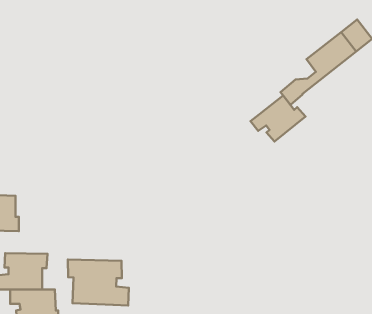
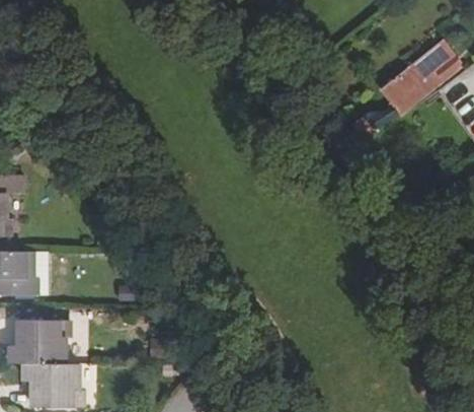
building: [251,96,305,141] -> none
building: [68,260,129,305] -> none

